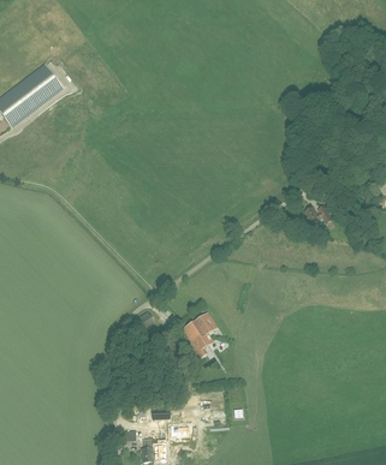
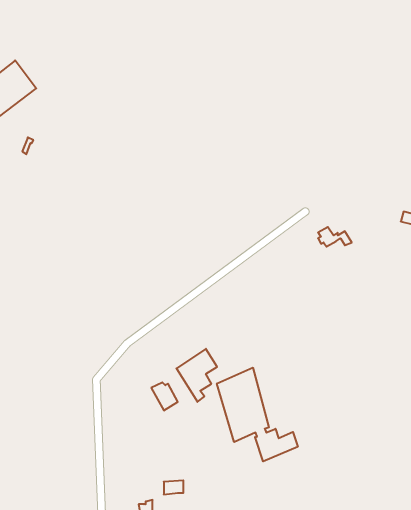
building: none -> [217,368,298,461]

